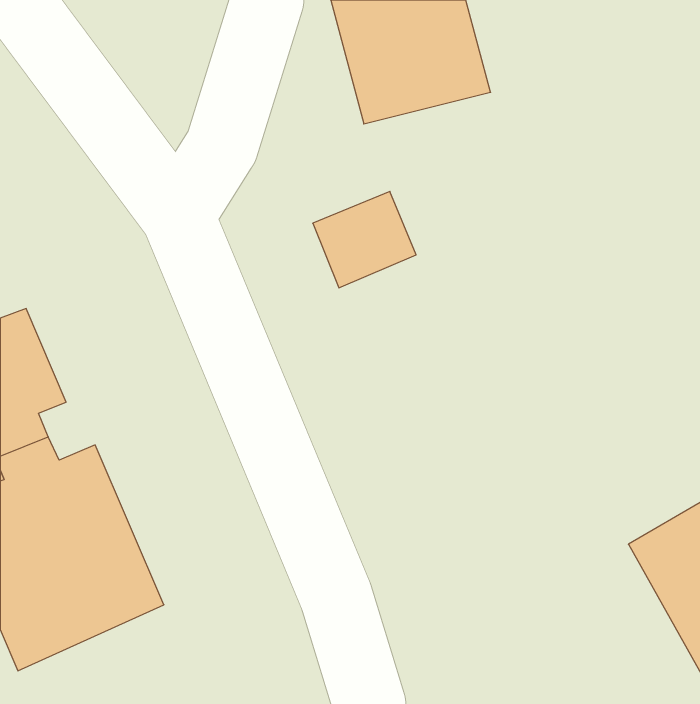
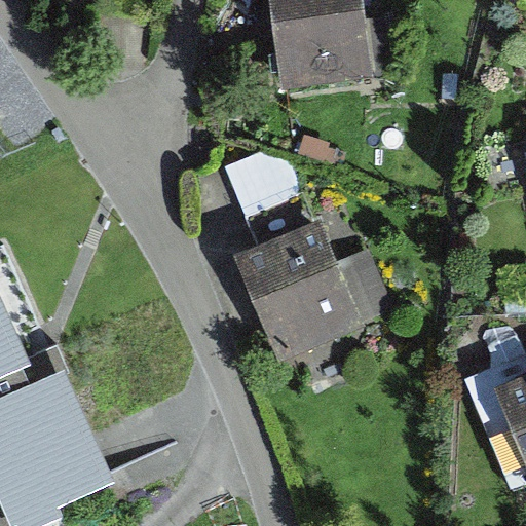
building: none -> [216,210,370,373]

